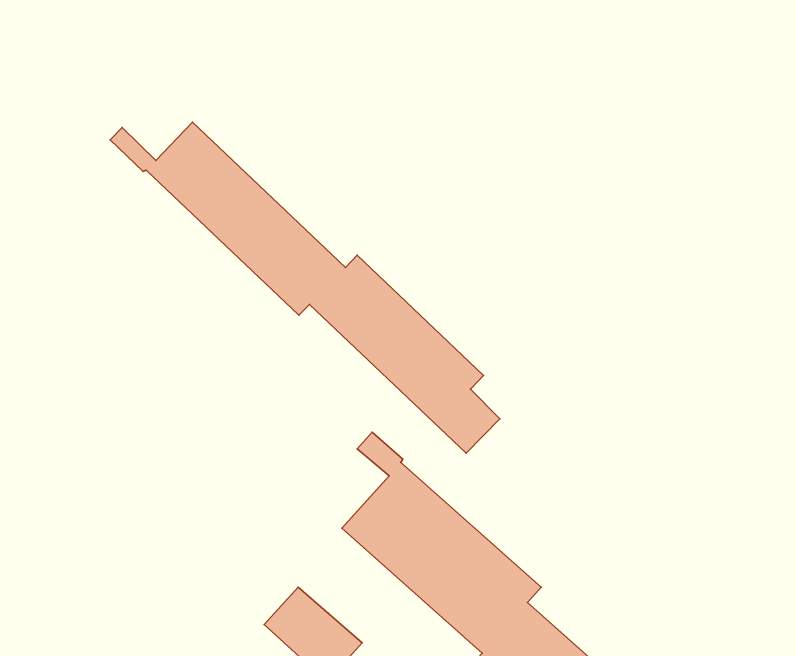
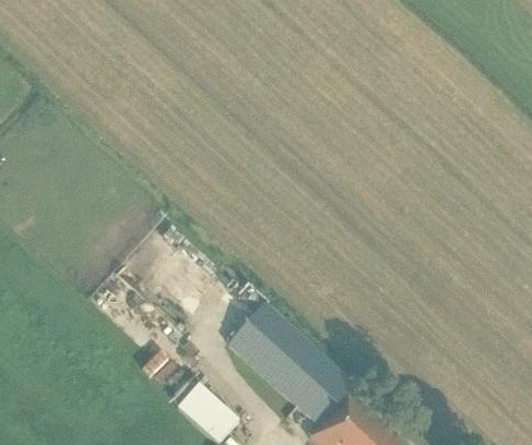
building: [110,122,500,453] -> none

